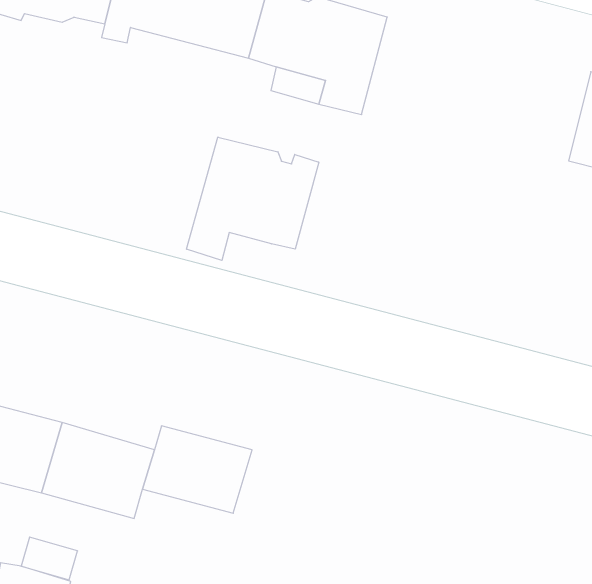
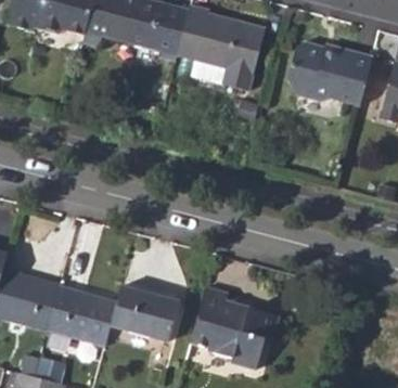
building: none -> [287,42,372,106]
building: [187,137,319,260] -> none
building: none -> [190,285,278,367]

